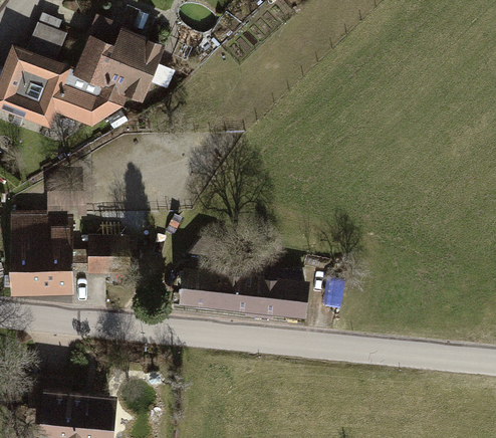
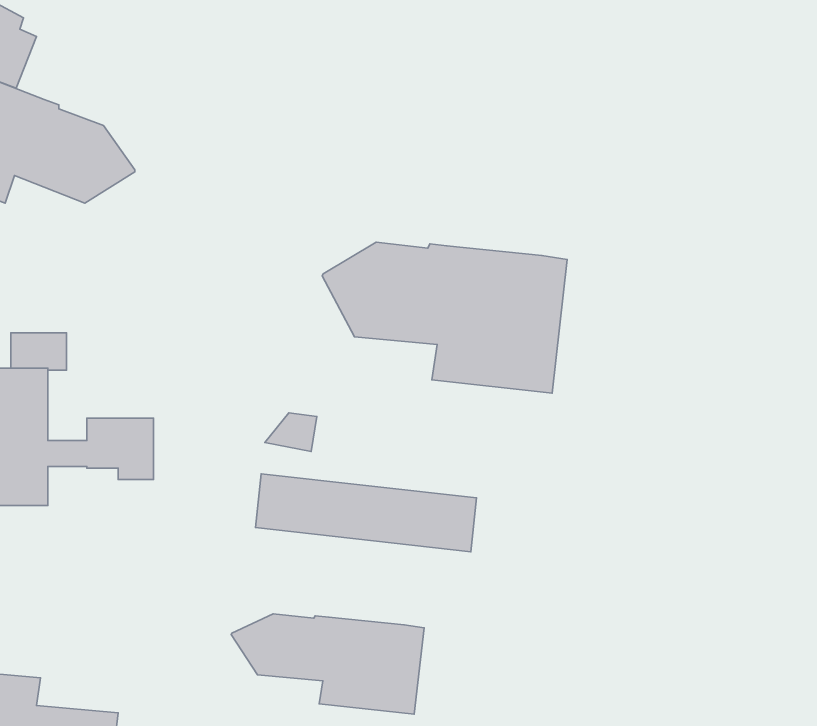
building: [68,22,158,110] -> none
building: none -> [322,242,567,393]
building: none -> [231,614,424,714]

